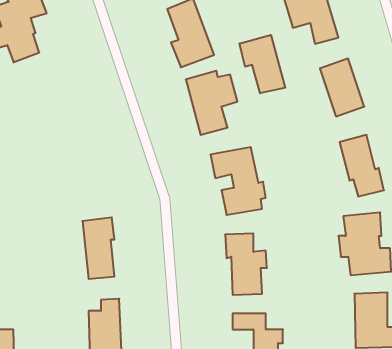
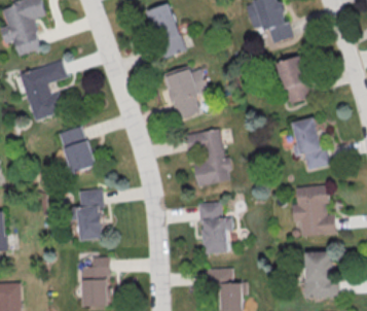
building: [240,35,285,93] -> none
building: none -> [21,62,68,123]
building: none -> [60,125,96,173]

